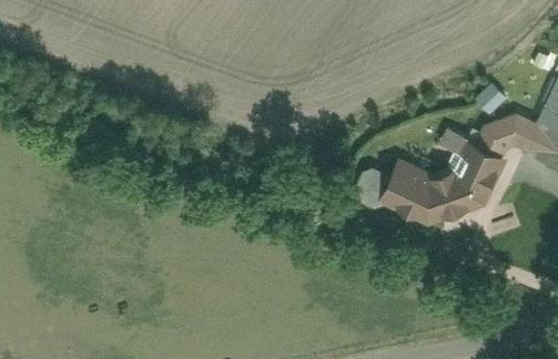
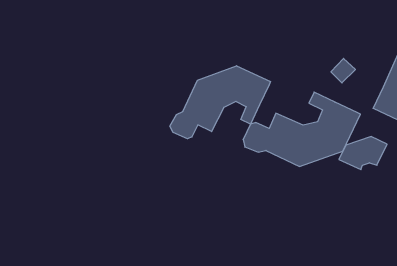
building: none -> [170,66,271,139]
building: [475,113,538,156] -> [339,137,387,170]

